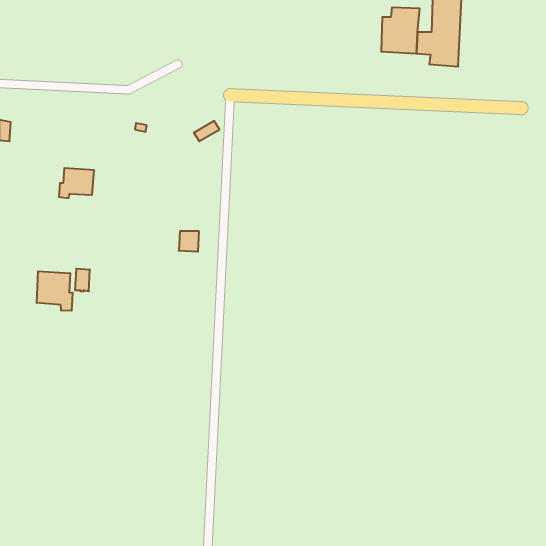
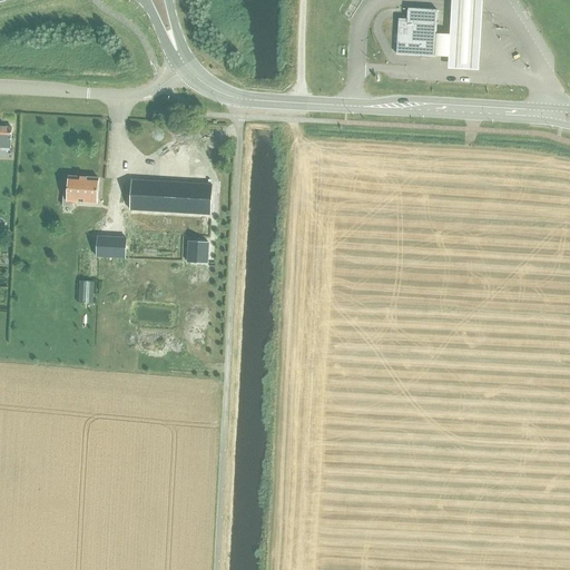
building: none -> [129,179,212,214]
building: none -> [96,235,126,257]
building: [37,271,73,311] -> none

